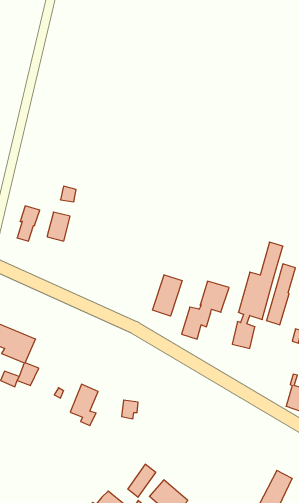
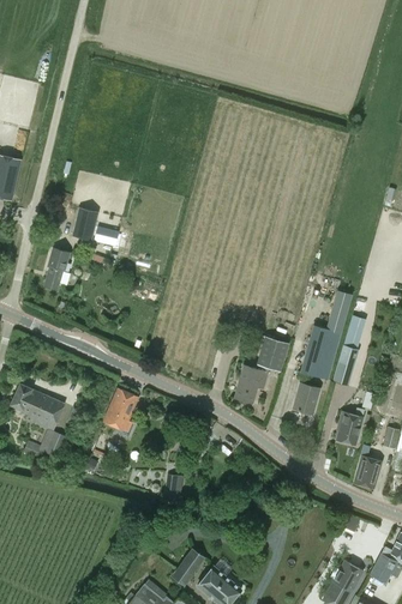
building: [47,212,70,241] -> [72,207,98,241]
building: [152,275,182,316] -> none
building: none -> [337,411,362,443]
building: [70,384,98,426] -> [104,388,137,436]

